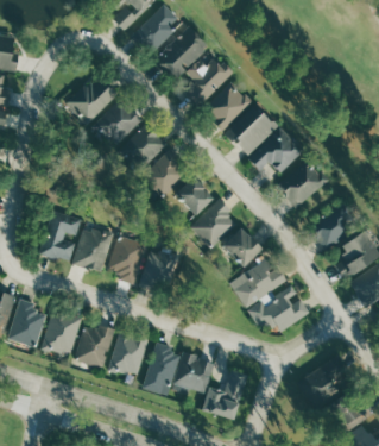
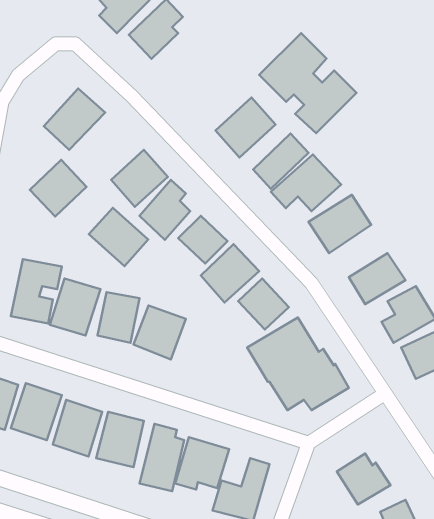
building: [156,26,233,106] -> [259,33,357,133]
building: [96,100,141,145] -> [30,160,87,217]
building: none -> [89,208,148,266]

